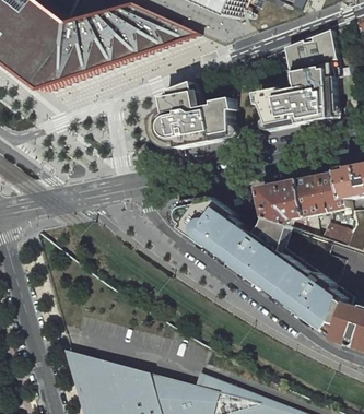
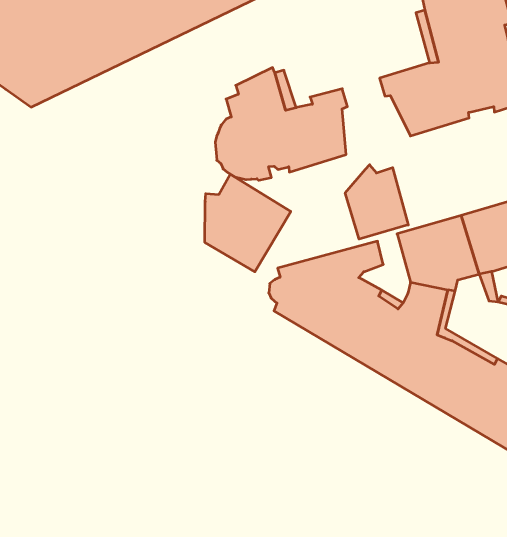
building: none -> [205,174,291,272]
building: none -> [345,165,408,239]

